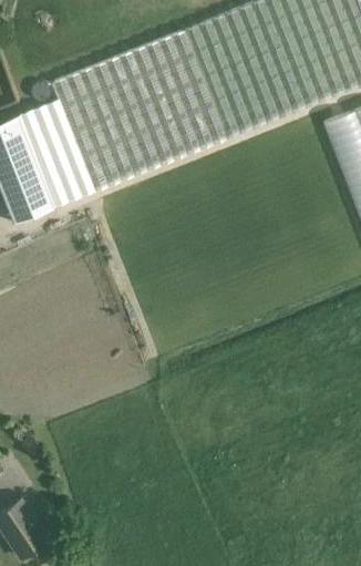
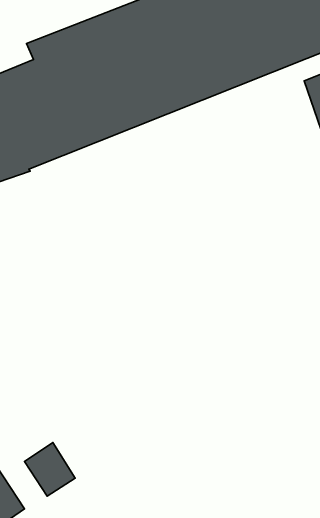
building: none -> [25,443,75,496]

